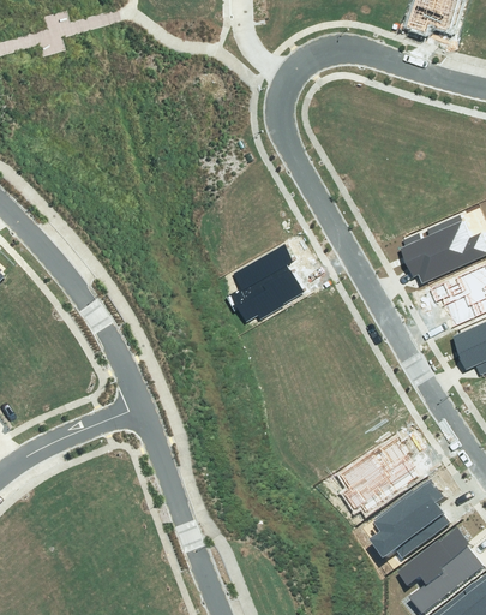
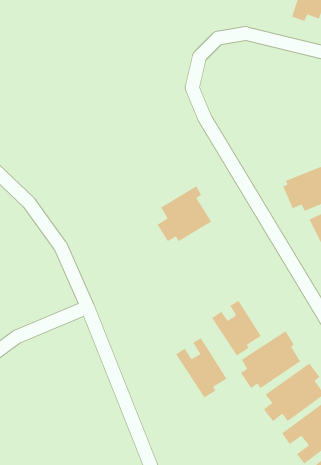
building: none -> [211,300,262,357]
building: none -> [175,337,228,399]

